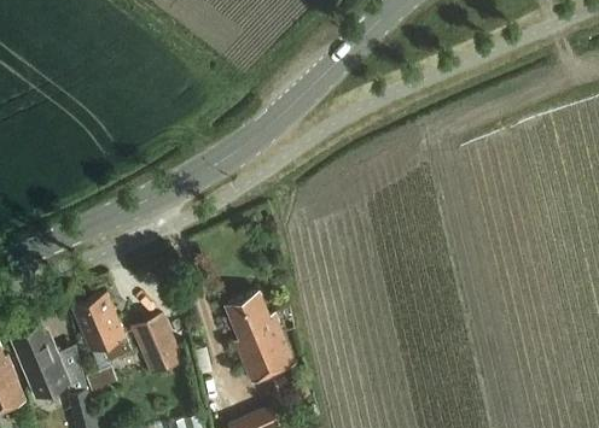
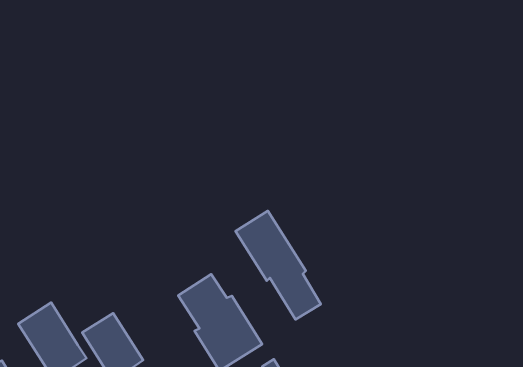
building: none -> [235,211,321,319]

